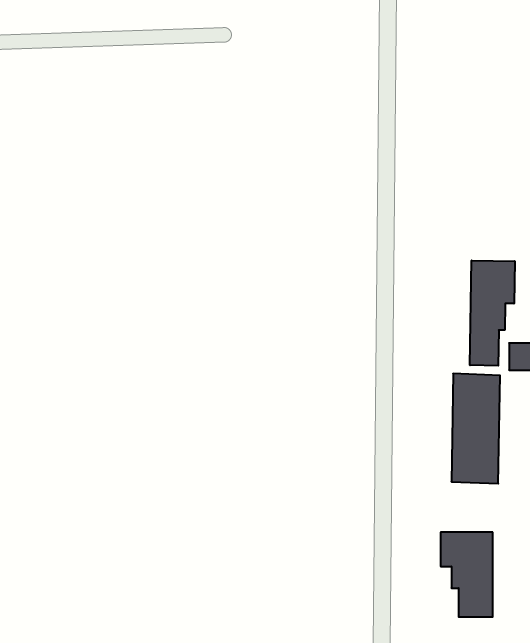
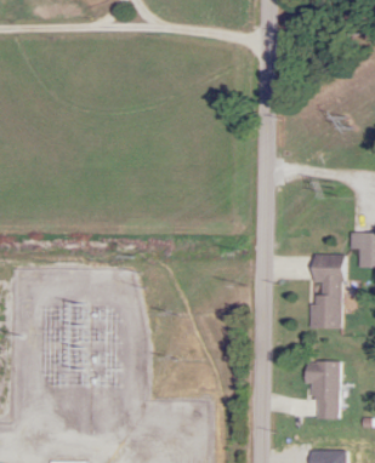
building: [470,260,515,366] -> none

